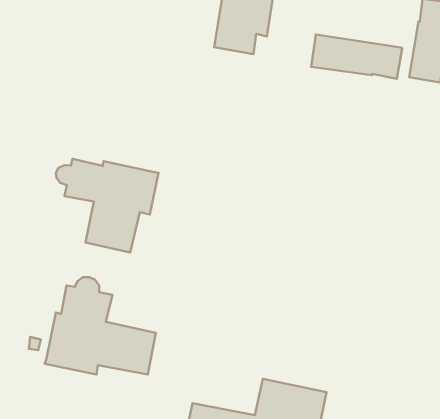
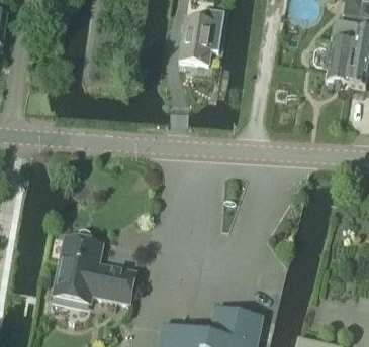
building: [311,34,402,79] -> none
building: [56,159,159,252] -> none

